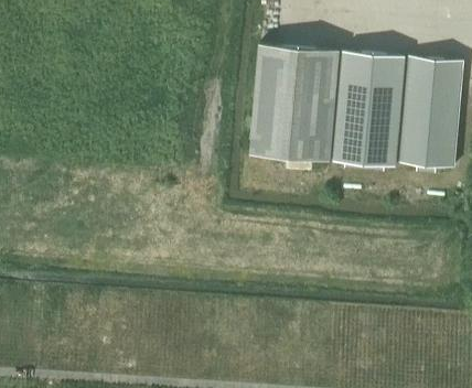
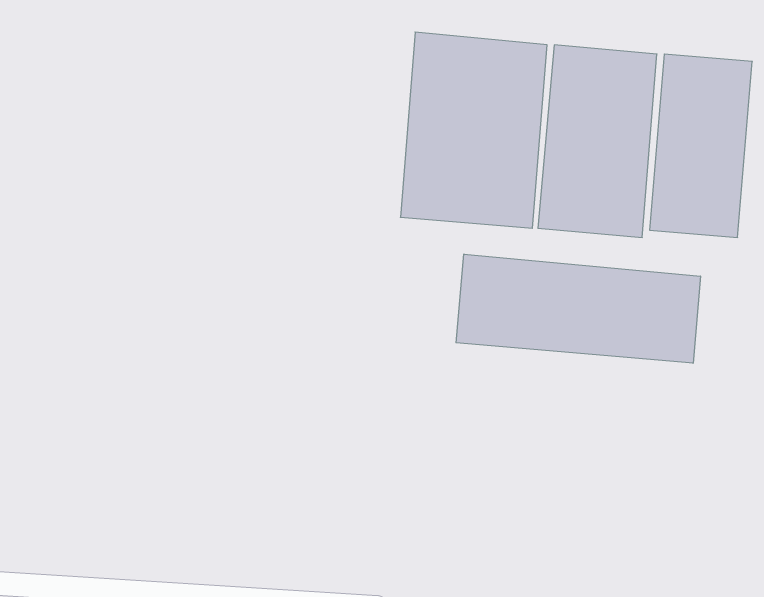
building: none -> [456,254,700,363]

